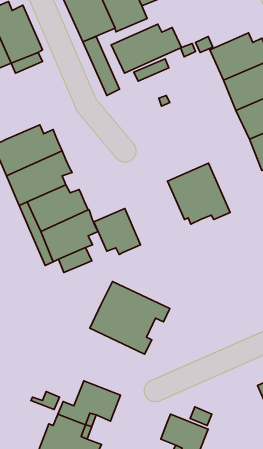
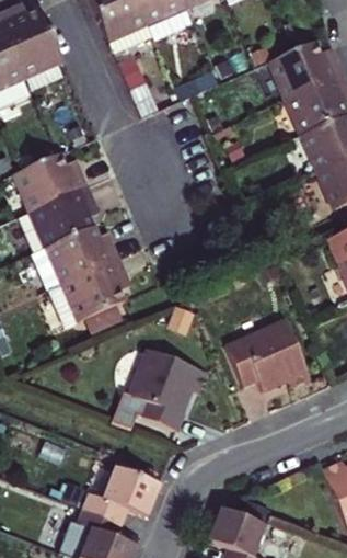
building: [111,24,181,73] -> none
building: [167,163,230,224] -> [228,317,304,391]
building: [94,208,140,254] -> none

